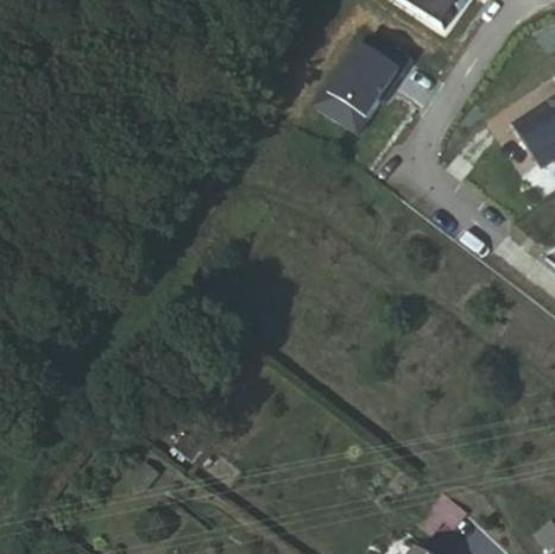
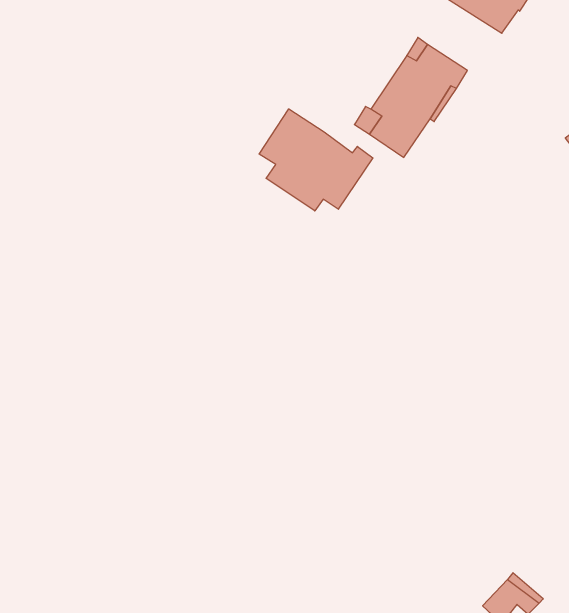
building: none -> [259,109,373,211]

